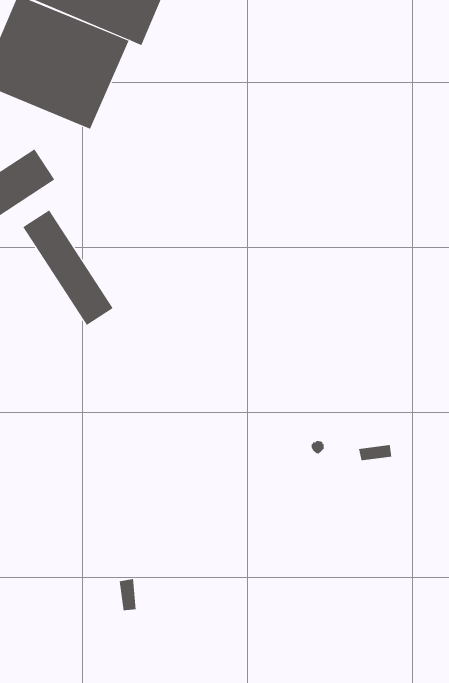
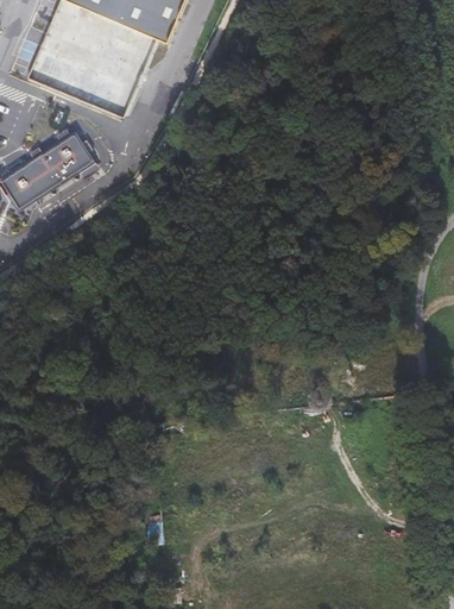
building: [22,209,114,326] -> none

